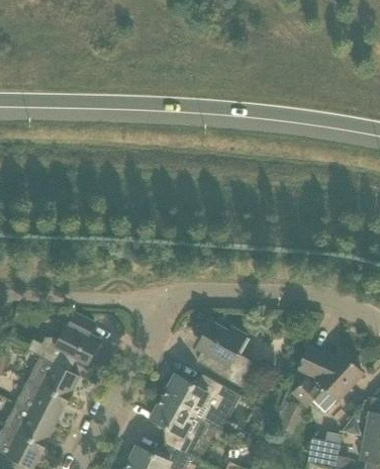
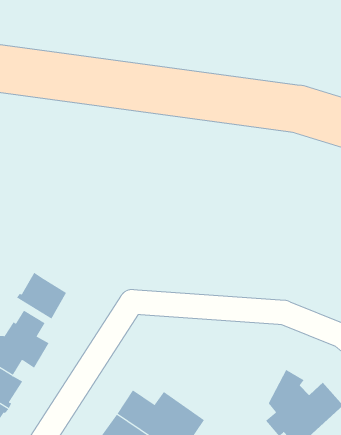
building: none -> [16,272,67,320]
building: [196,321,252,385] -> none

